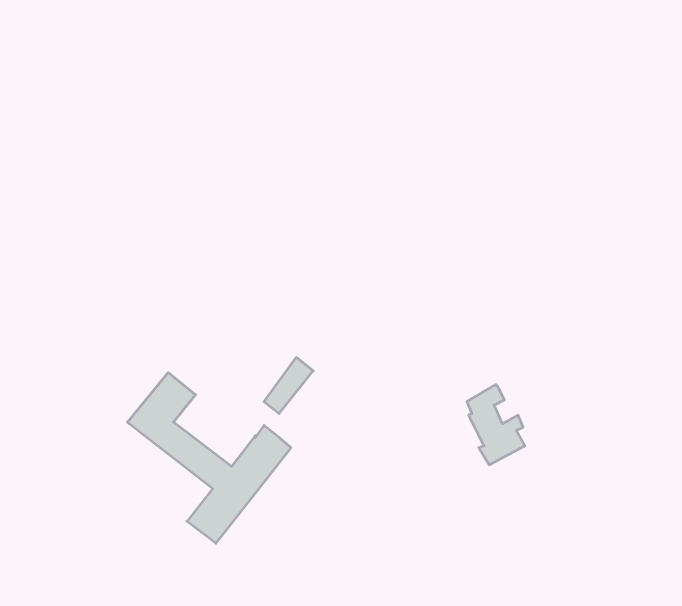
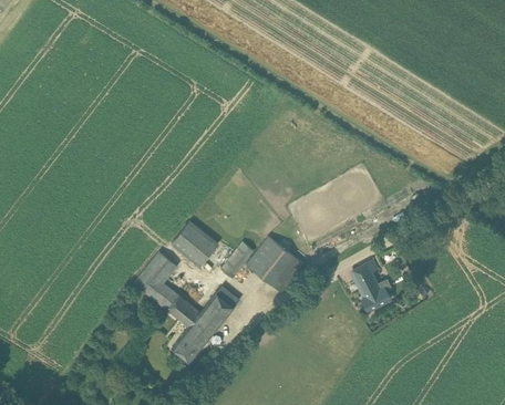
building: none -> [172,220,218,267]
building: none -> [246,237,303,292]

